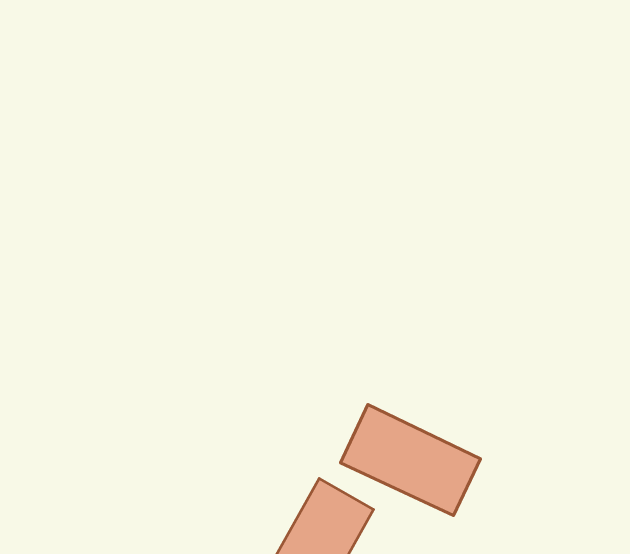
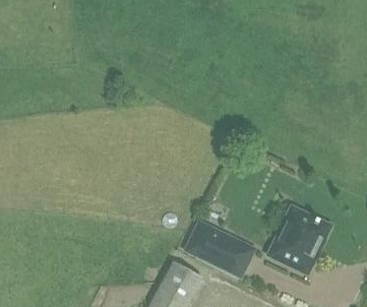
building: none -> [269,207,327,266]

